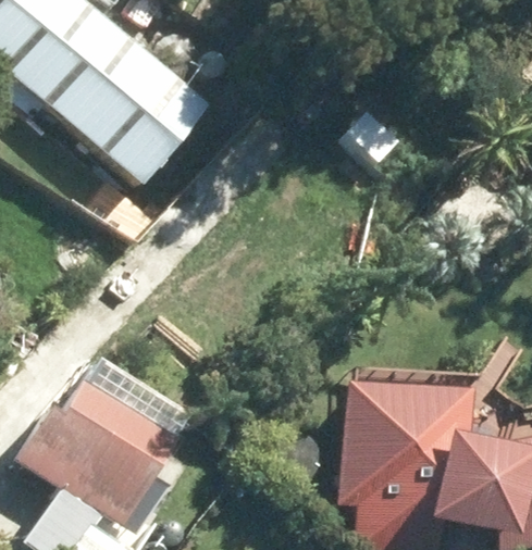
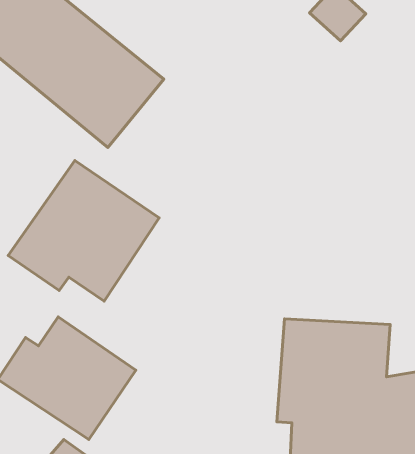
building: none -> [8,161,159,301]

